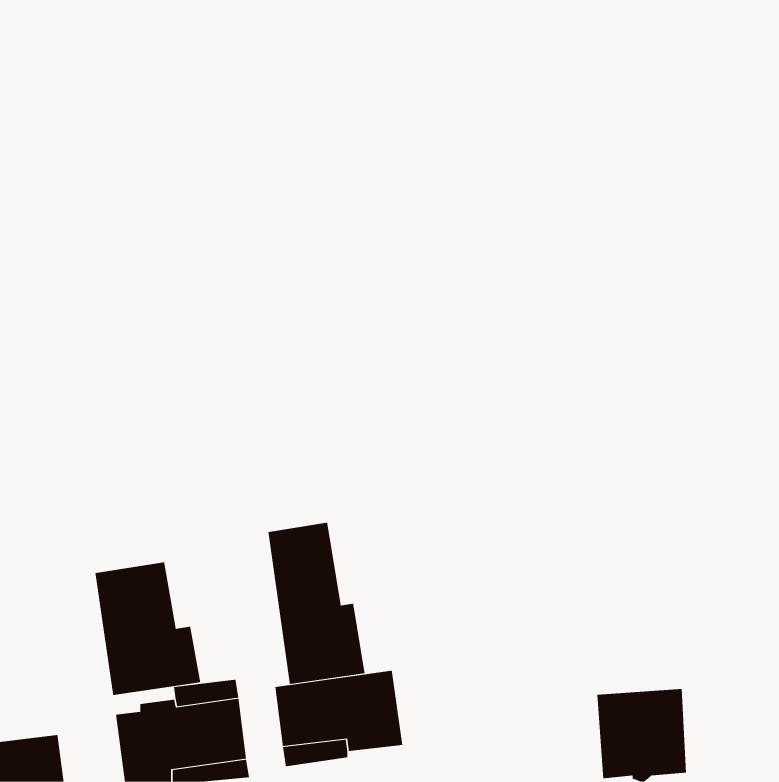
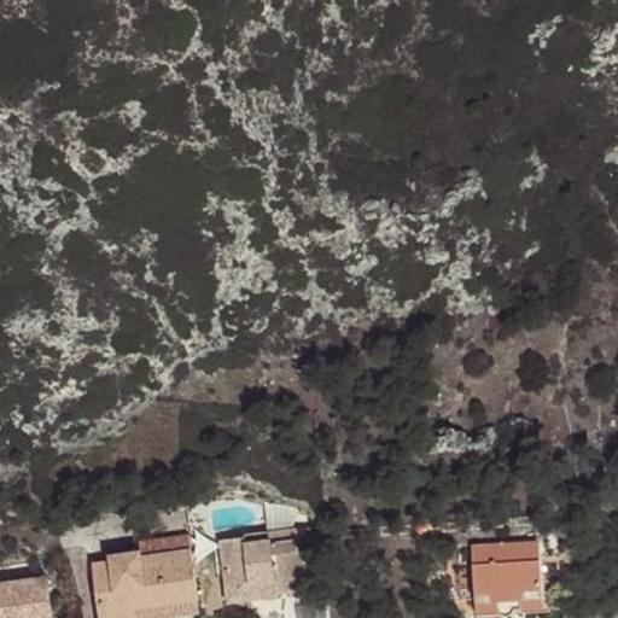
building: [268,522,365,685] -> none
building: [95,561,201,696] -> none

